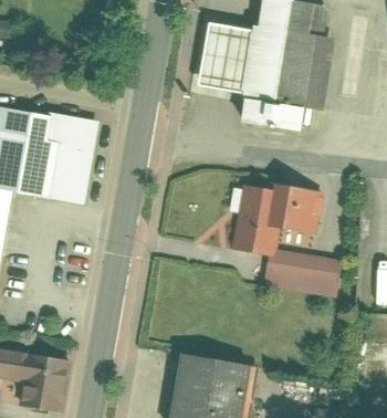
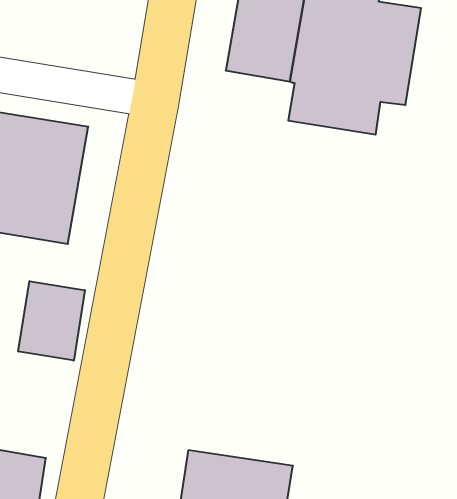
building: [228,182,339,299] -> none
building: none -> [18,281,85,361]

